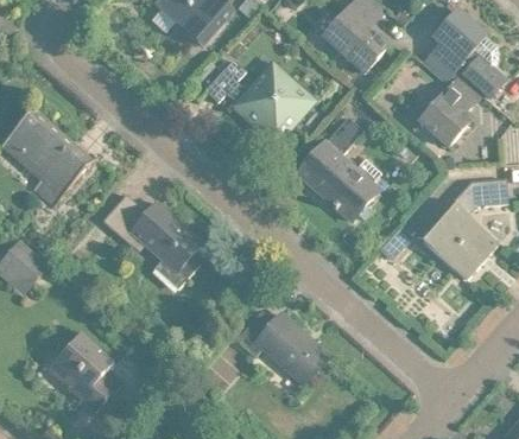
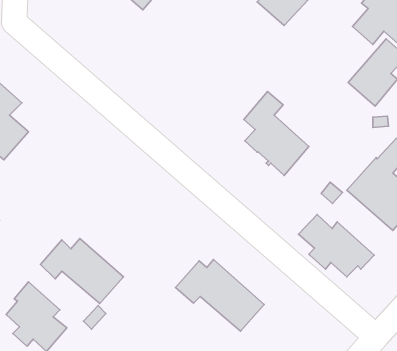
building: [203,61,311,141] -> none
building: [113,203,201,272] -> [40,239,123,304]
building: none -> [298,214,374,277]

